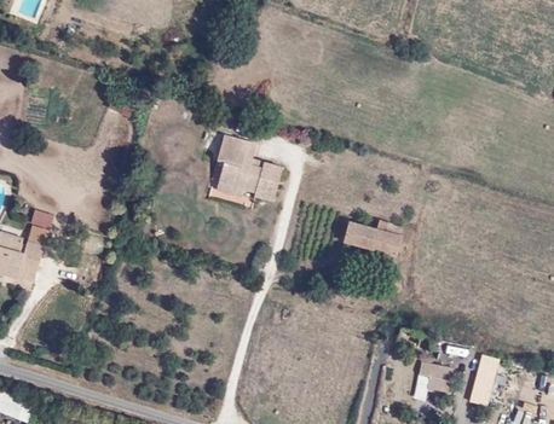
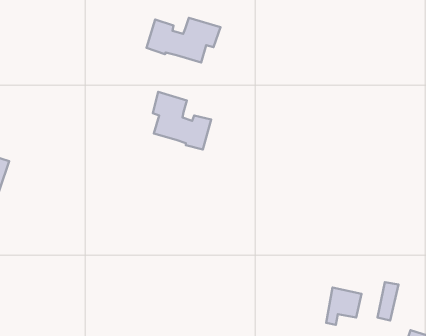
building: none -> [146,18,220,63]
building: [344,219,404,255] -> none

